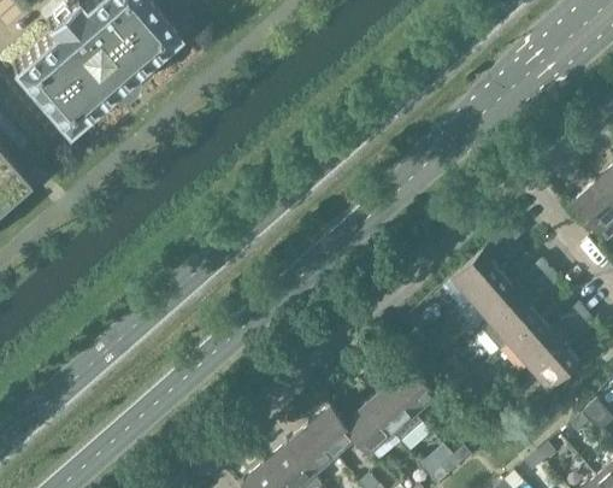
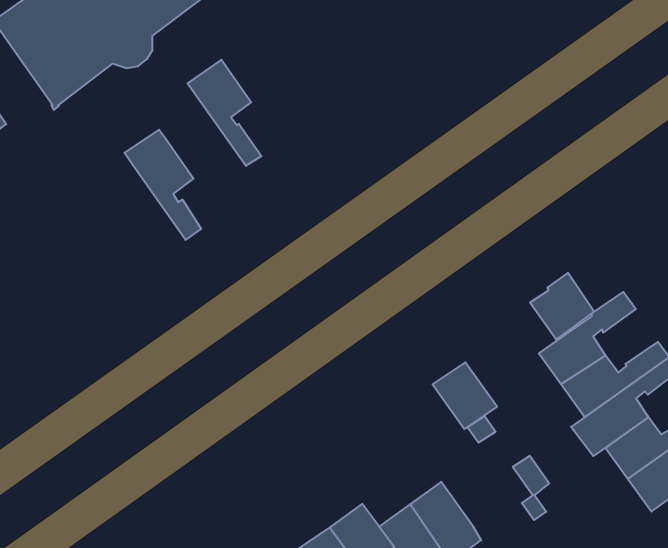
building: none -> [188,60,261,166]
building: none -> [124,130,201,240]
building: none -> [530,273,594,340]
building: [387,365,437,416] -> [433,362,497,429]

